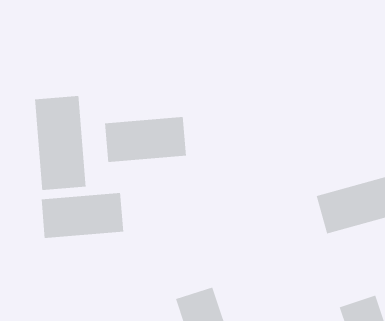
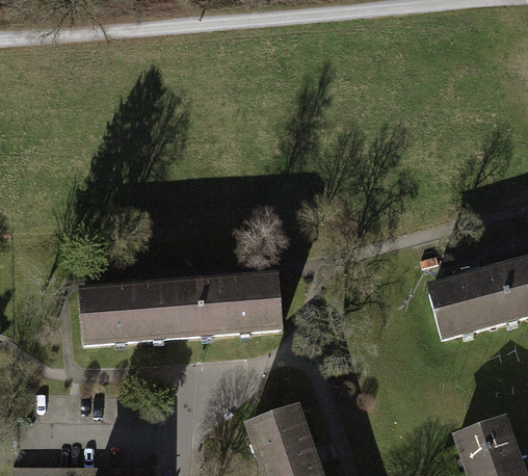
building: [34,95,86,191] -> none
building: [104,117,187,162] -> [180,277,285,336]

